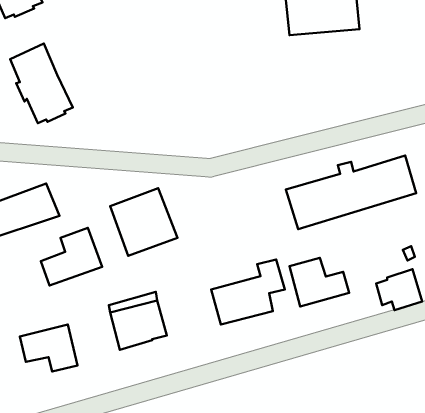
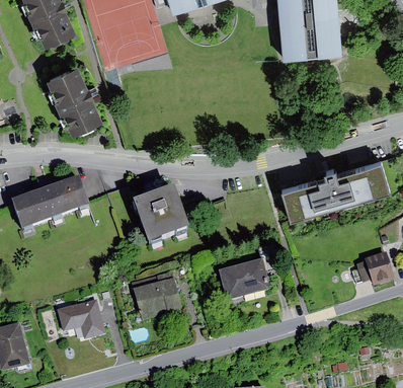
building: [41,228,102,285] -> none
building: [290,258,349,306] -> none

